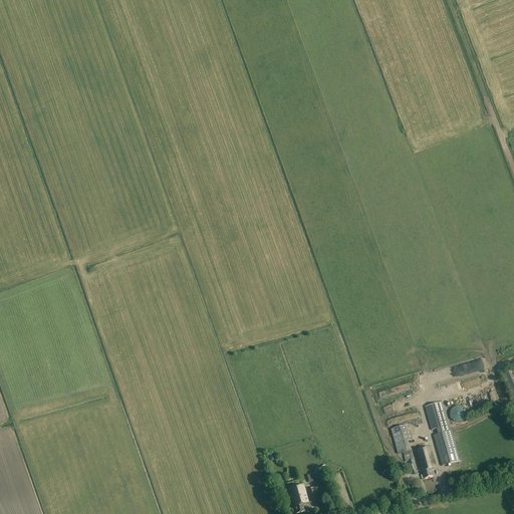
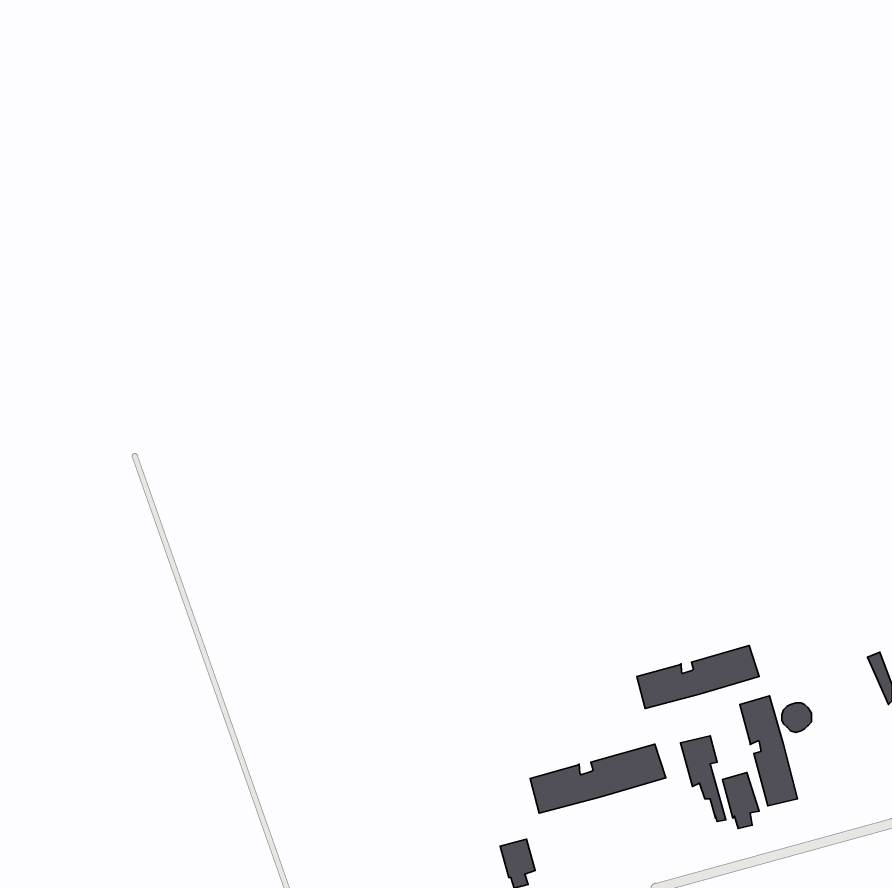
building: none -> [637,646,759,709]
building: none -> [530,744,666,813]

